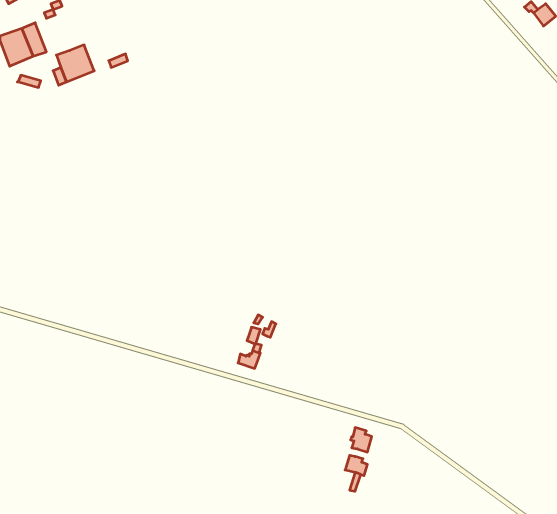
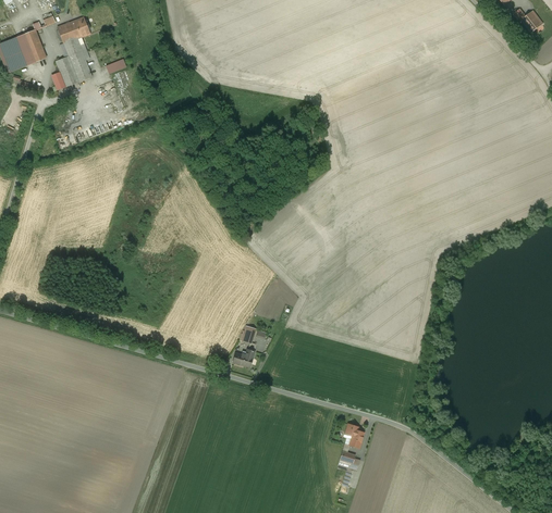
building: none -> [58,17,90,57]

